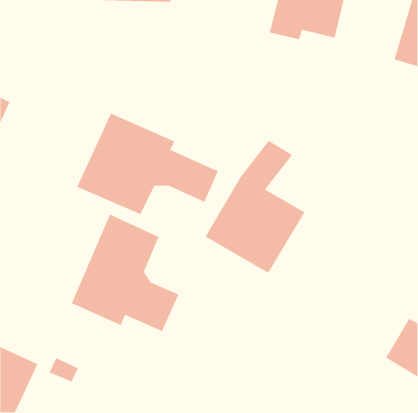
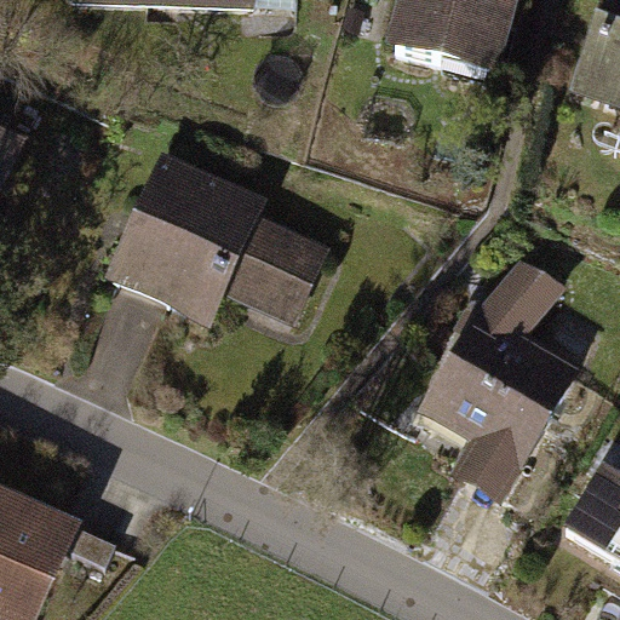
building: [205,140,305,274] -> [426,264,575,461]
building: [71,214,180,332] -> none

